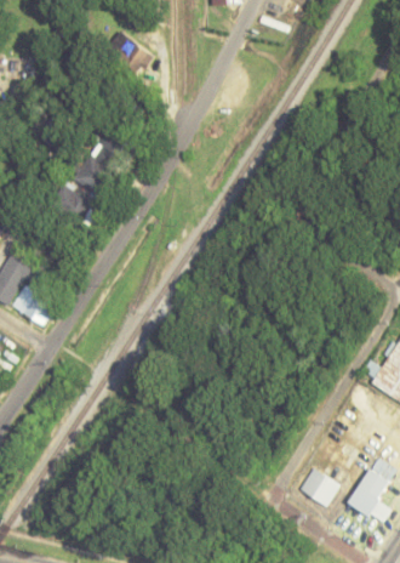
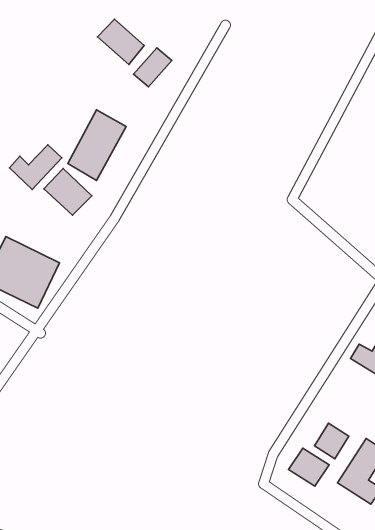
building: none -> [133,48,172,87]
building: none -> [10,145,62,189]
building: none -> [314,423,349,459]

